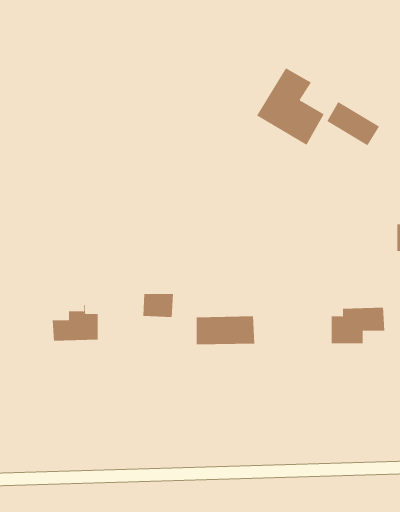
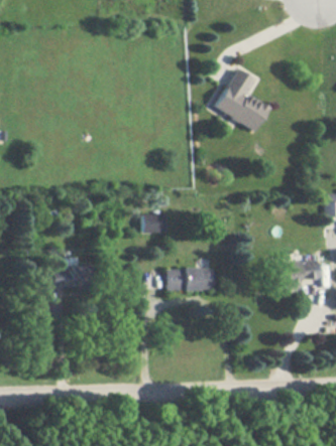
building: [326,101,380,146] -> none
building: [142,293,174,317] -> [141,214,166,234]

